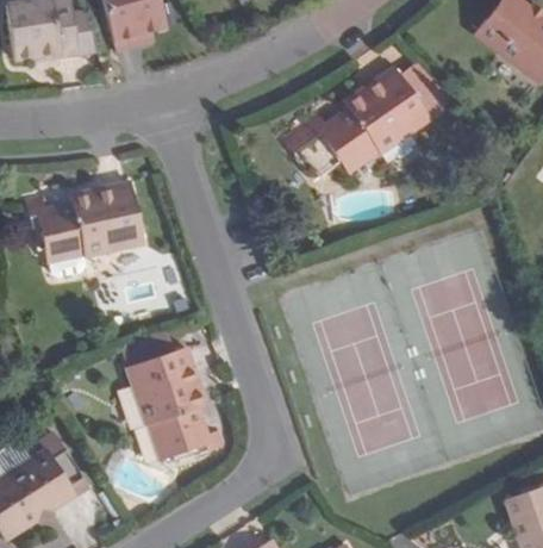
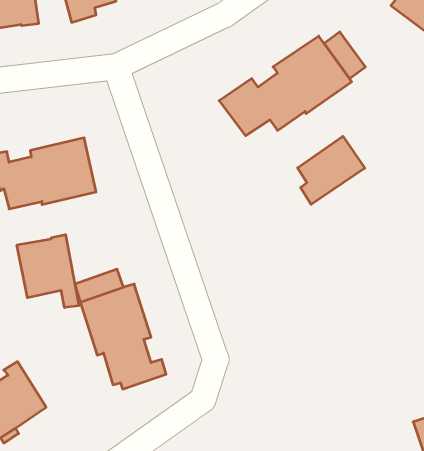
building: none -> [298,136,365,204]
building: none -> [17,235,79,308]

